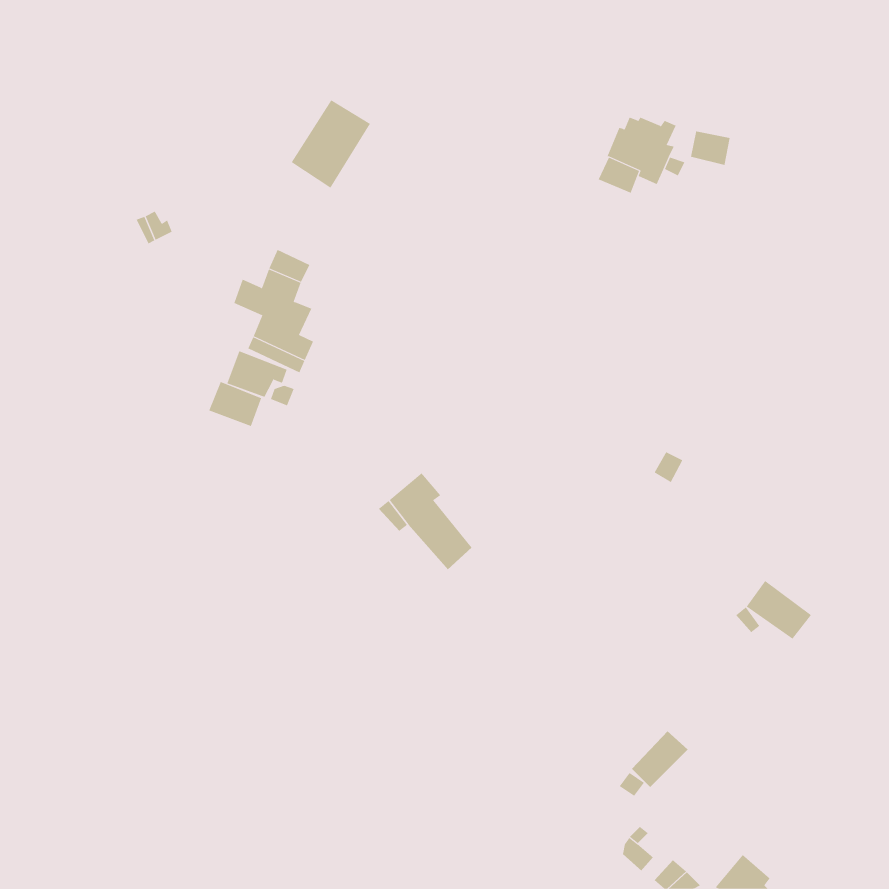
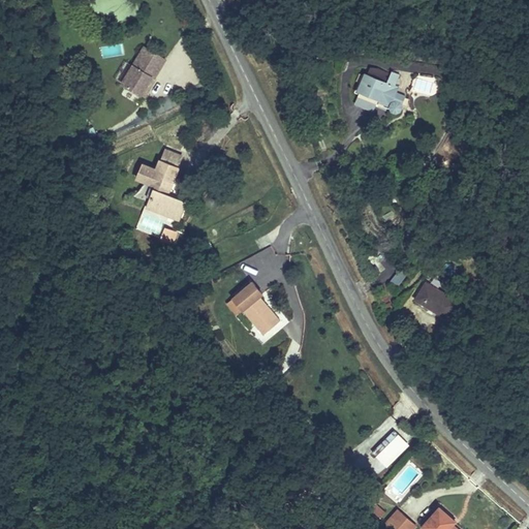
building: [291,99,371,188] -> [118,44,165,97]
building: [208,381,262,427] -> none
building: [746,580,812,639] -> [415,284,455,319]

